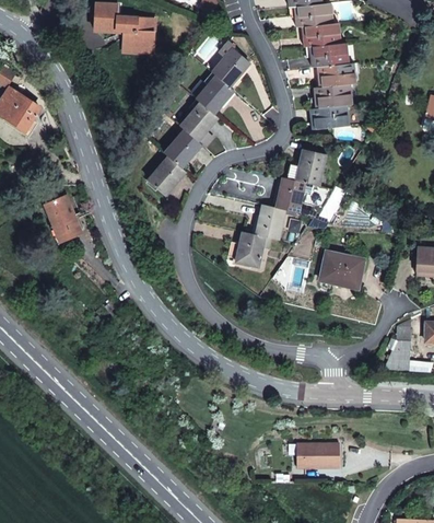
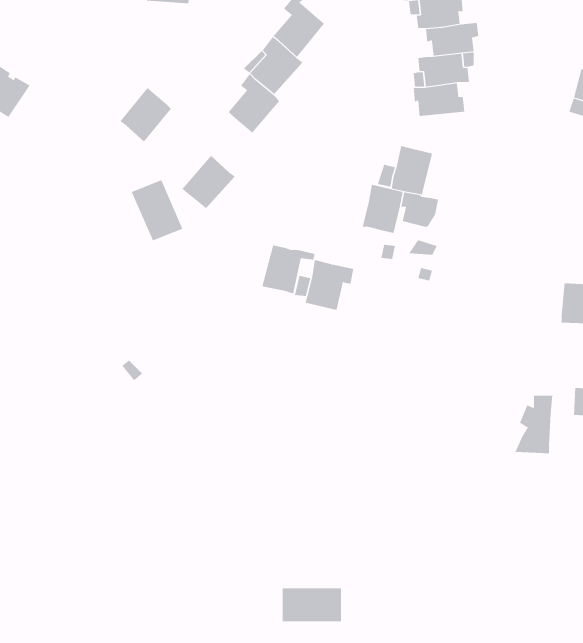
building: [164,129,201,168] -> [119,87,172,143]
building: [45,196,82,240] -> [131,180,183,241]
building: [255,205,293,240] -> [262,245,316,294]
building: [320,251,364,287] -> none
building: [297,443,340,467] -> [282,588,342,622]

